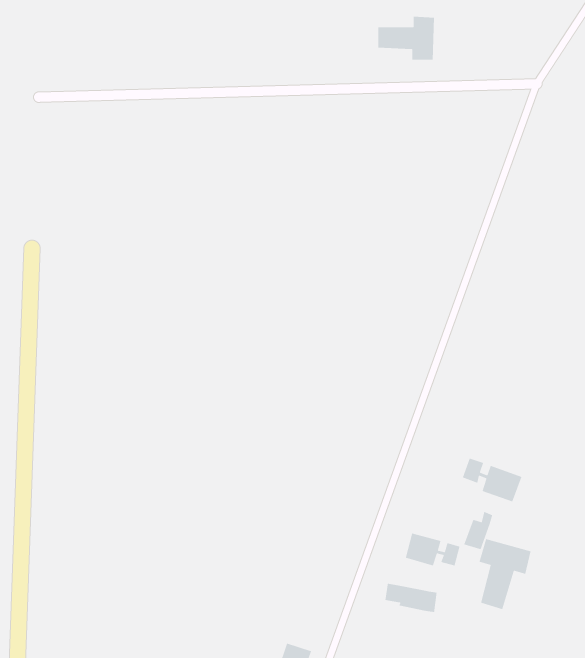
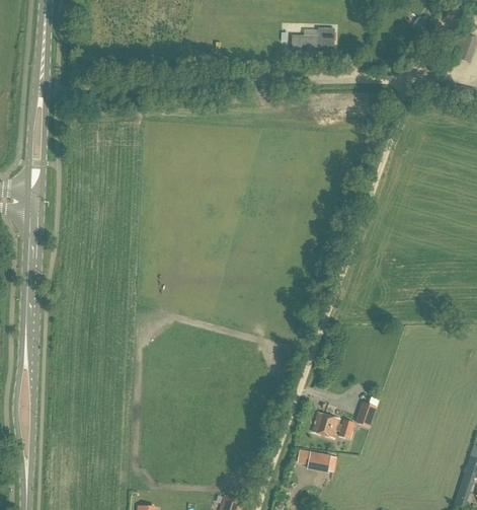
building: [462,457,523,502] -> none
building: [478,538,532,610] -> none

